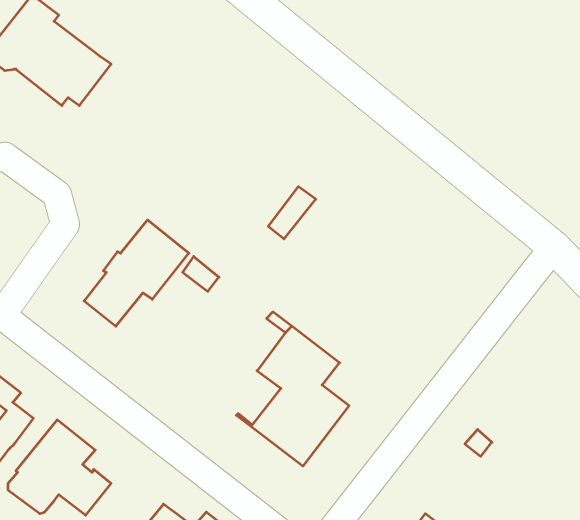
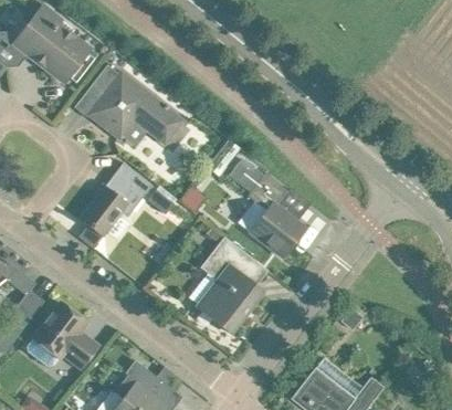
building: none -> [86,64,183,145]
building: none -> [229,158,306,257]

